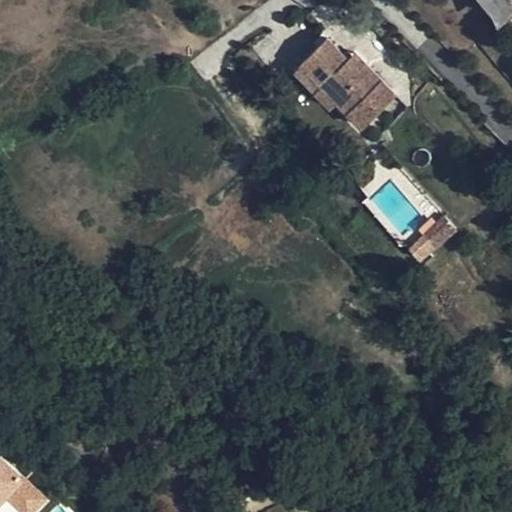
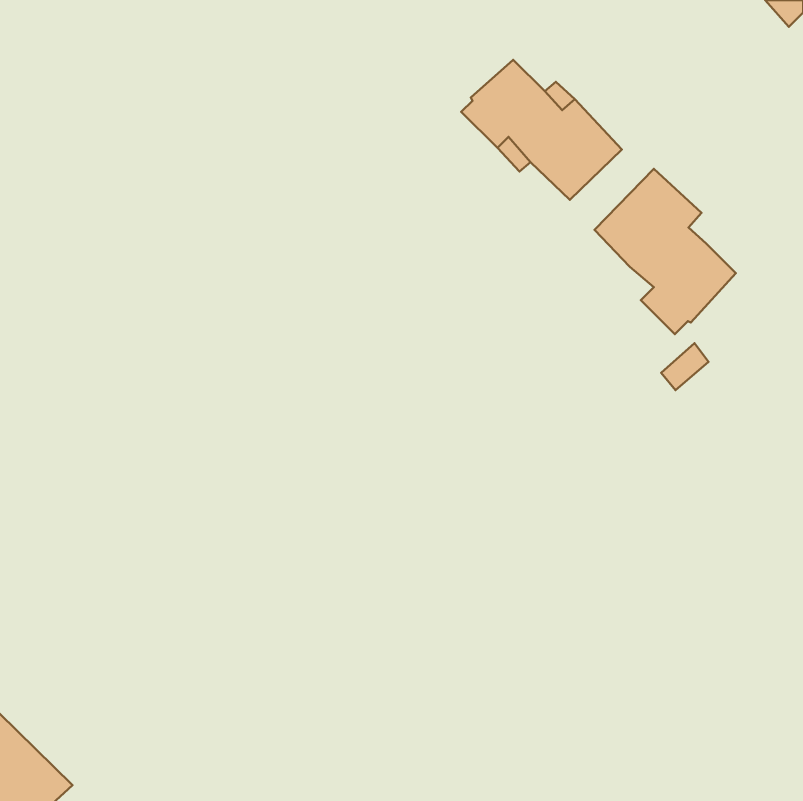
building: none -> [594,169,736,334]

